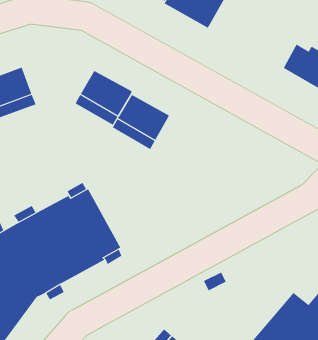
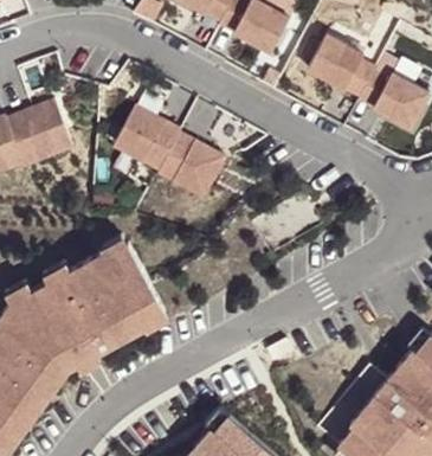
building: none -> [308,36,375,99]

